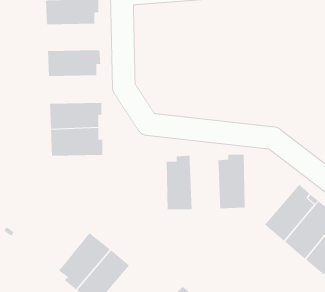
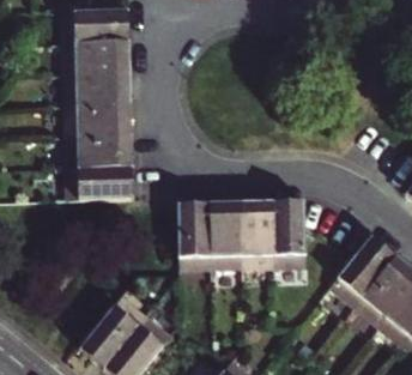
building: none -> [67,41,132,73]
building: none -> [69,103,134,137]
building: none -> [241,198,275,265]
building: none -> [177,200,212,266]

